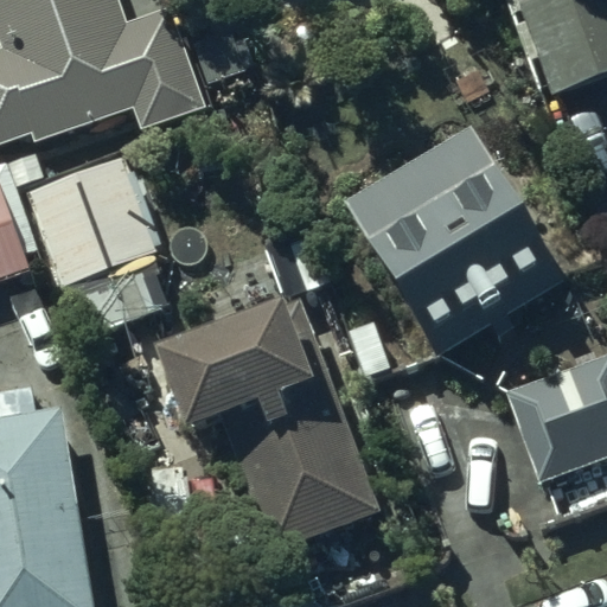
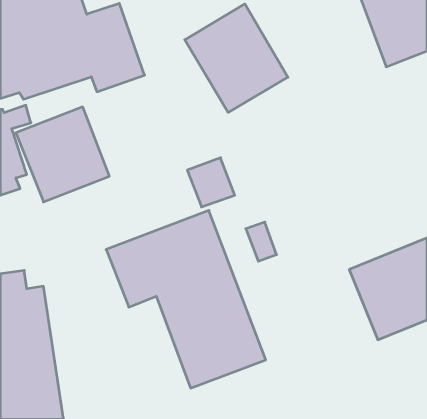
building: none -> [185,4,288,112]
building: [350,130,560,349] -> none

